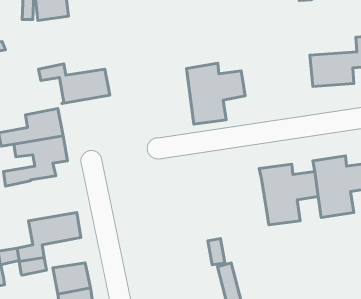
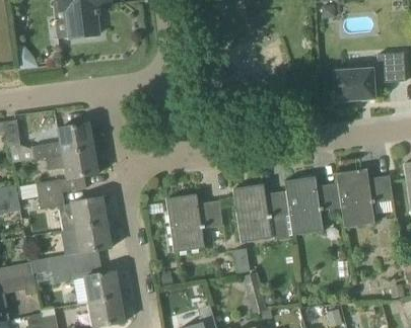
building: [186,63,245,124] -> [233,183,290,242]
building: [39,64,110,104] -> [39,192,108,231]
building: none -> [166,193,223,252]

